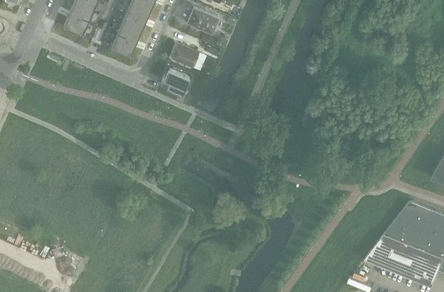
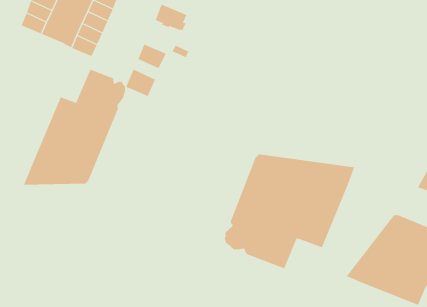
building: none -> [23,69,126,186]
building: none -> [224,154,355,269]

